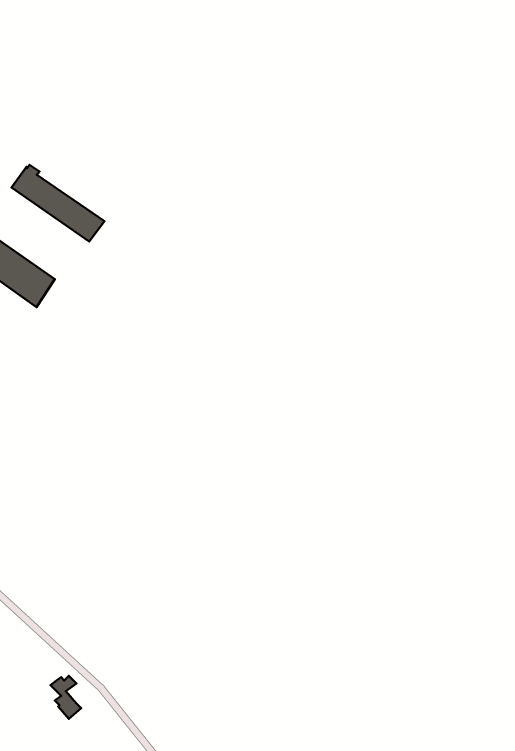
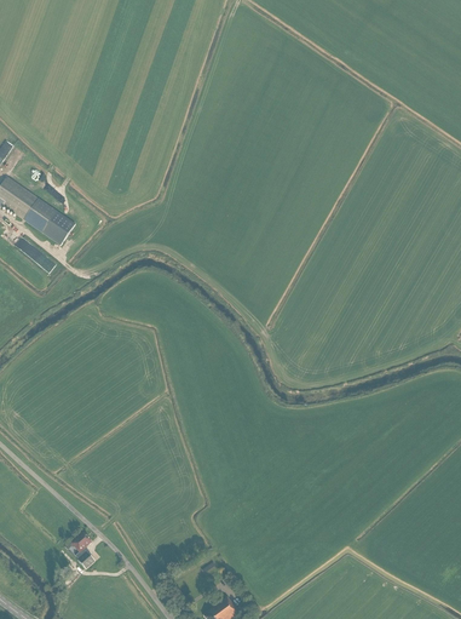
building: [12,165,104,242] -> none

